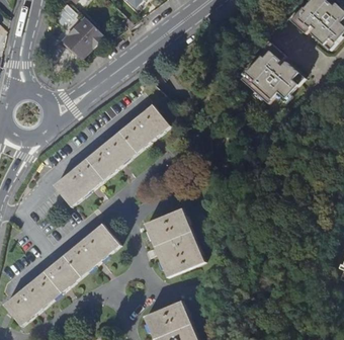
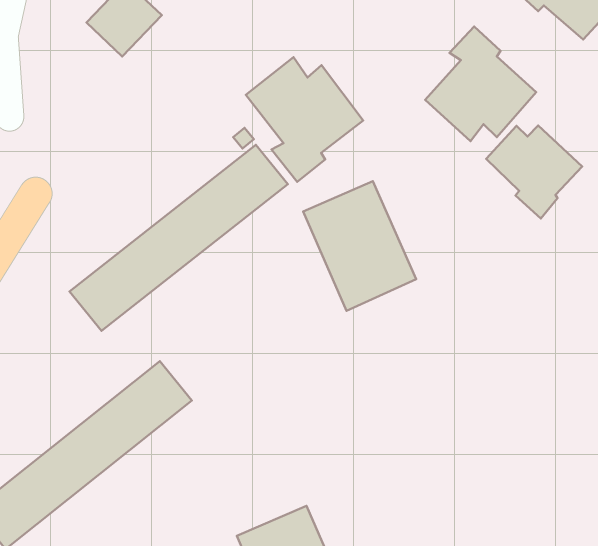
building: none -> [246,57,363,182]
building: none -> [486,125,582,218]
building: [145,208,205,278] -> [303,181,416,311]

